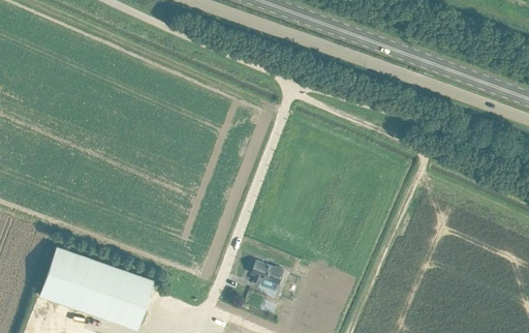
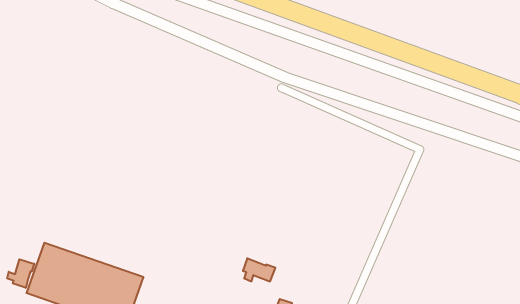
building: none -> [7,259,34,288]

